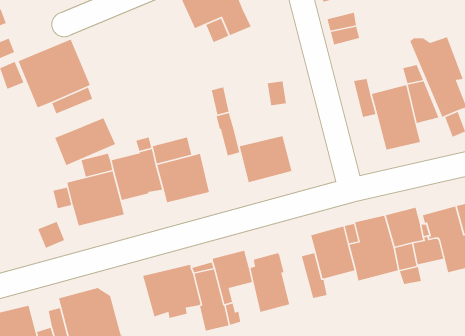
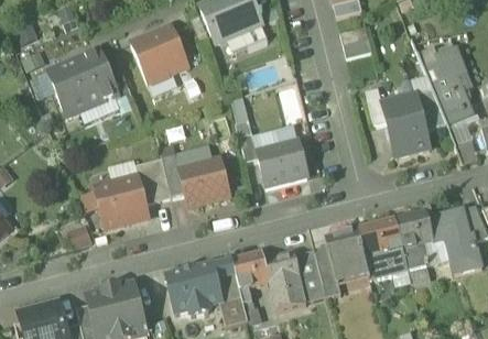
building: none -> [130,24,188,81]
building: none -> [252,124,297,152]
building: [54,117,116,166] -> none
building: none -> [295,250,326,302]

